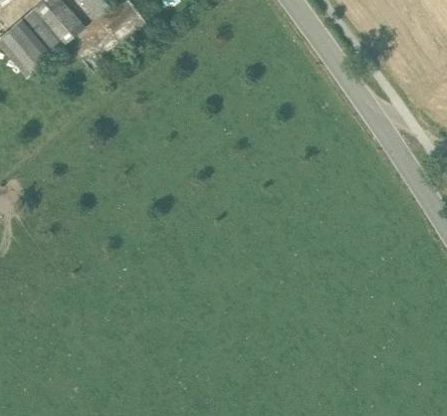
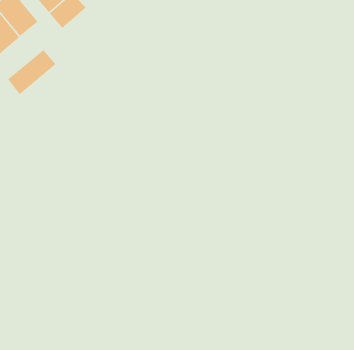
building: none -> [7,49,56,95]

